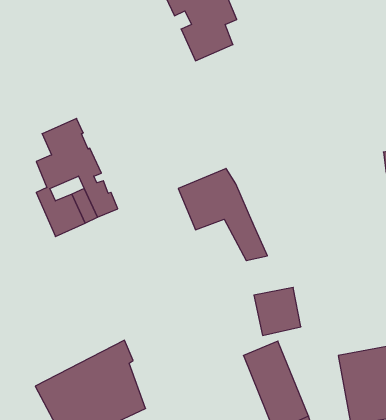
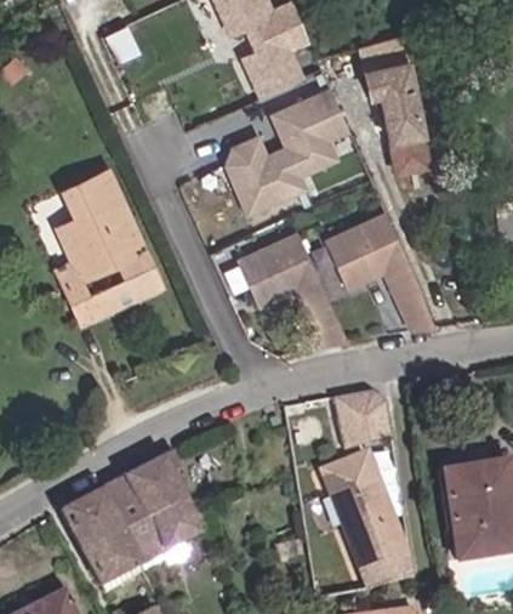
building: none -> [352,40,437,178]
building: none -> [226,87,352,218]
building: none -> [310,212,438,335]

